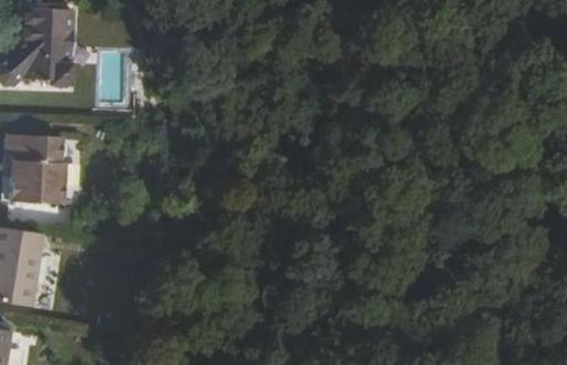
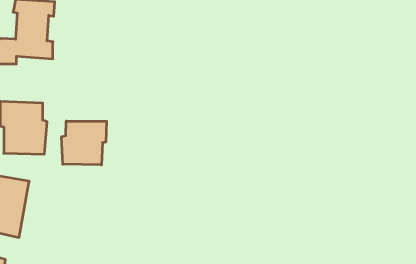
building: none -> [62,121,107,165]

